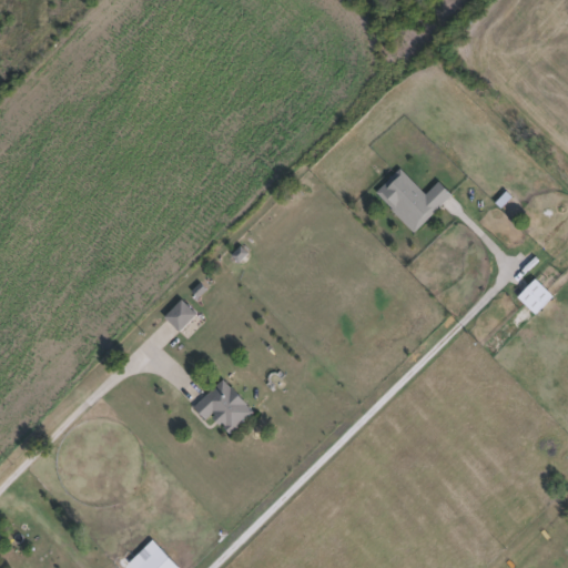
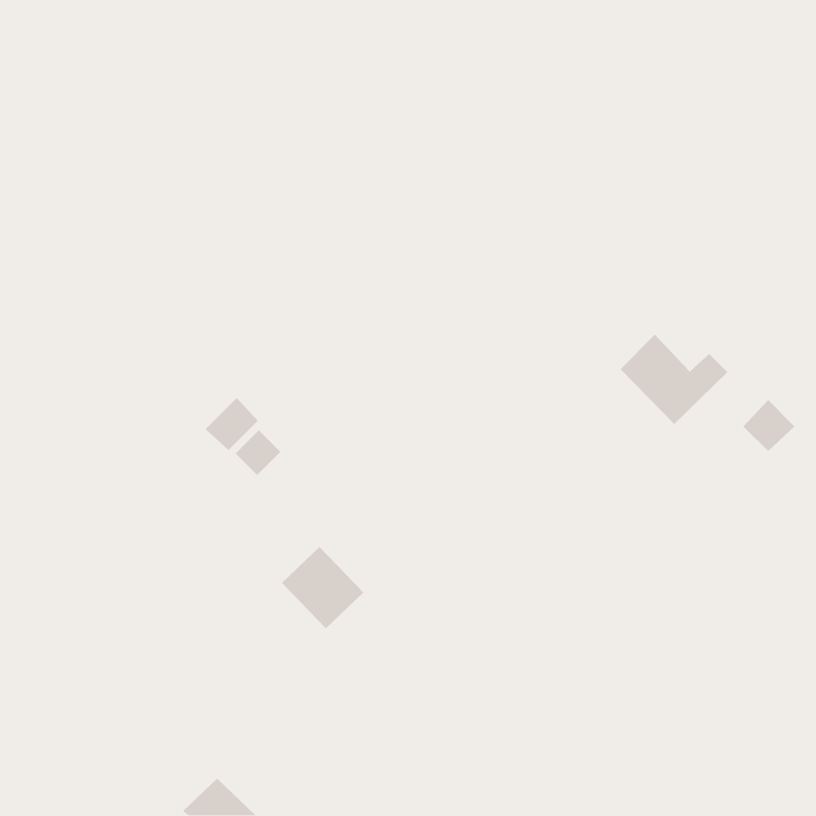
building: [375,168,450,231] -> [620,334,728,425]
building: none -> [205,397,259,451]

